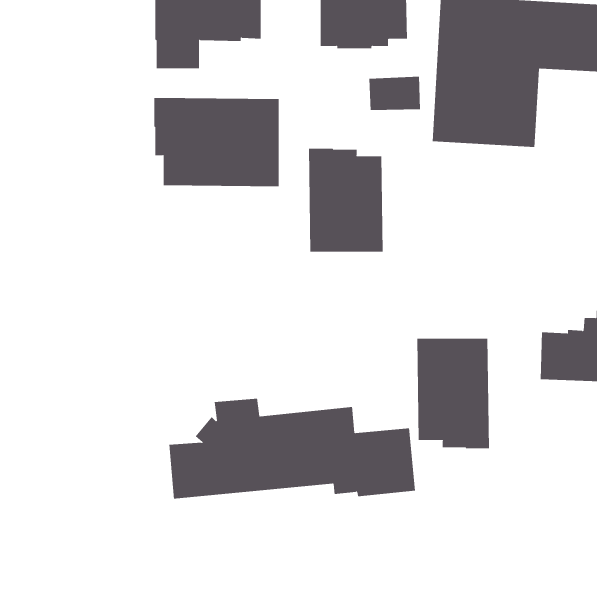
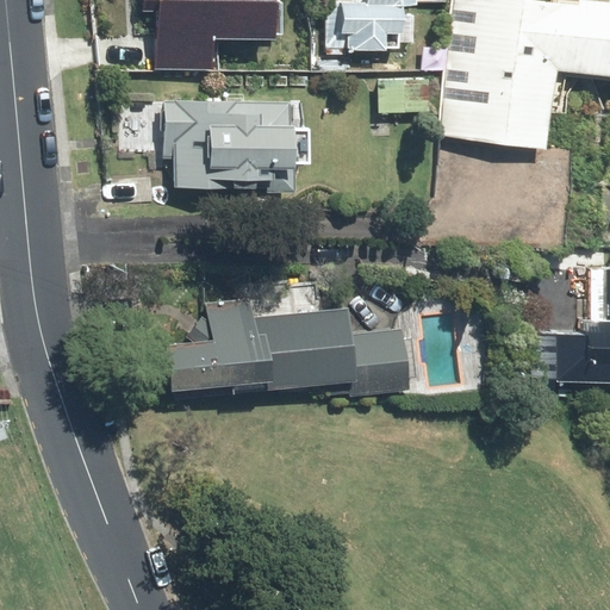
building: [309,148,383,252] -> none
building: [417,338,489,449] -> none
building: [169,398,416,499] -> [163,297,411,398]

